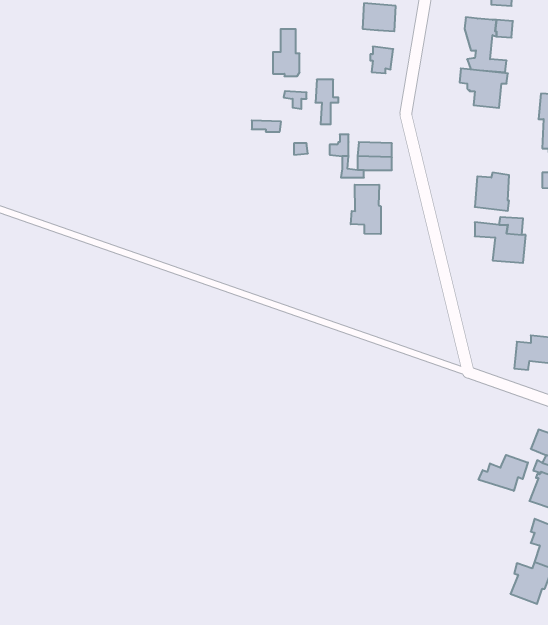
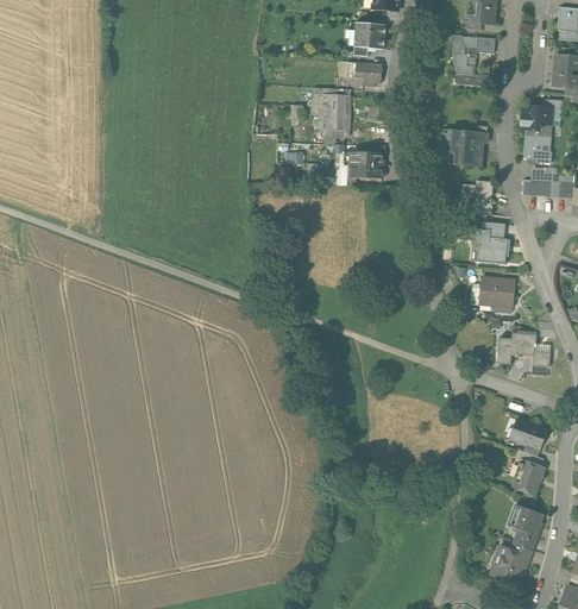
building: [273,29,300,76] -> [325,93,350,137]
building: [460,68,508,108] -> [442,128,488,165]
building: [351,185,381,234] -> none
building: none -> [471,277,514,312]
building: [479,455,528,491] -> none

